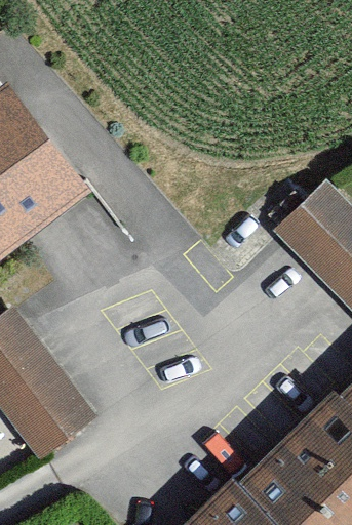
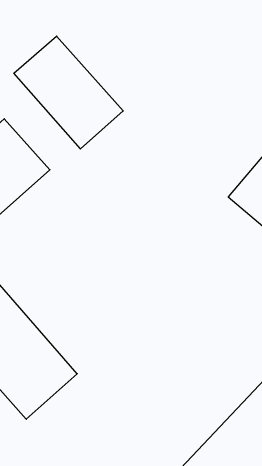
building: none -> [14,36,123,149]

